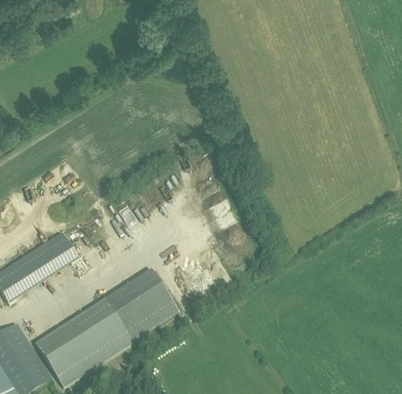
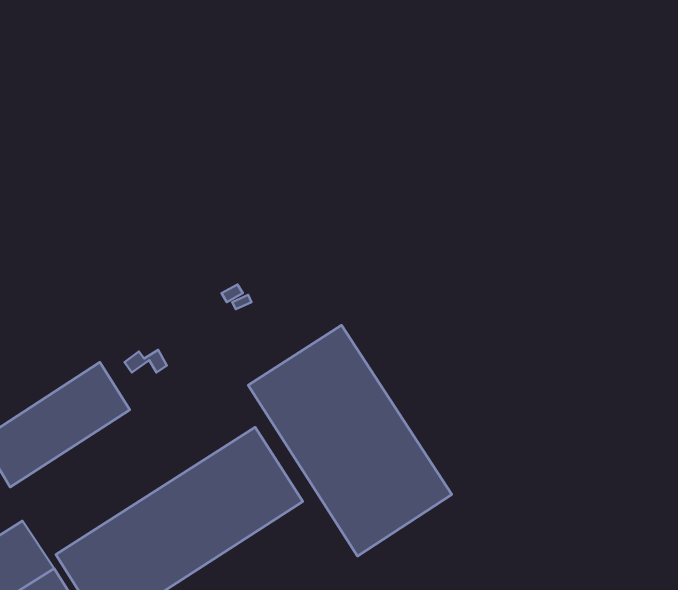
building: none -> [248,325,452,556]

